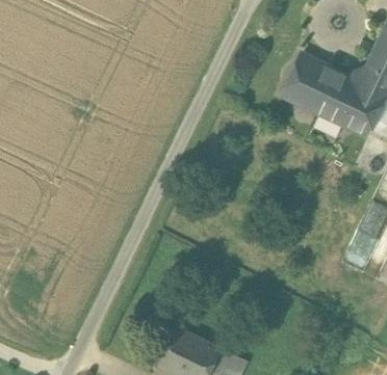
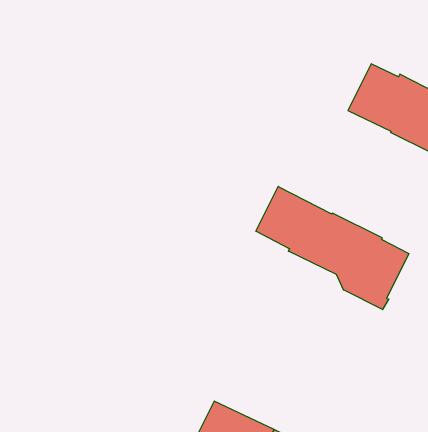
building: none -> [256,186,409,310]

